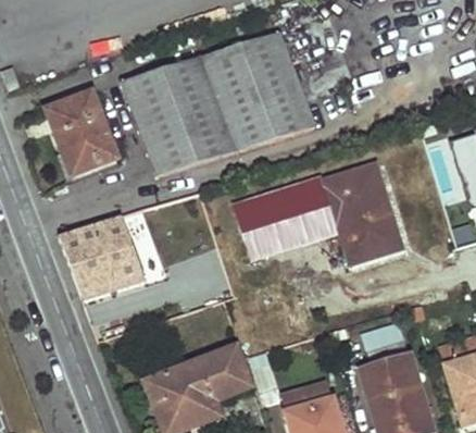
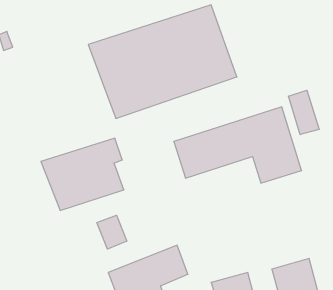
building: [49,96,115,174] -> none
building: none -> [288,90,319,135]
building: none -> [97,215,127,249]

